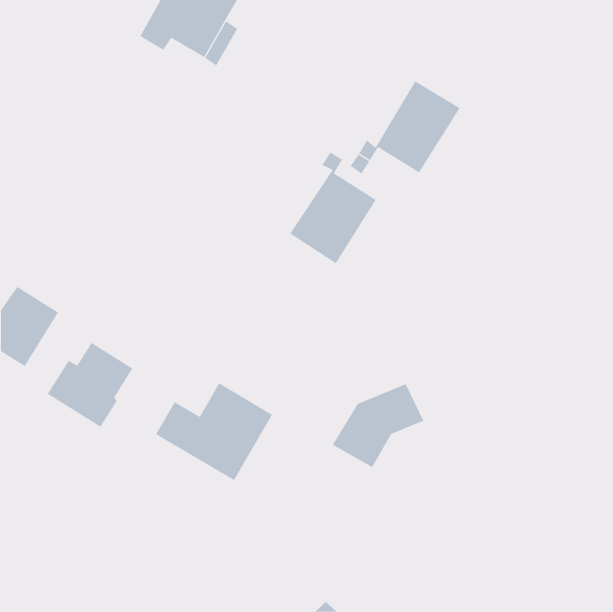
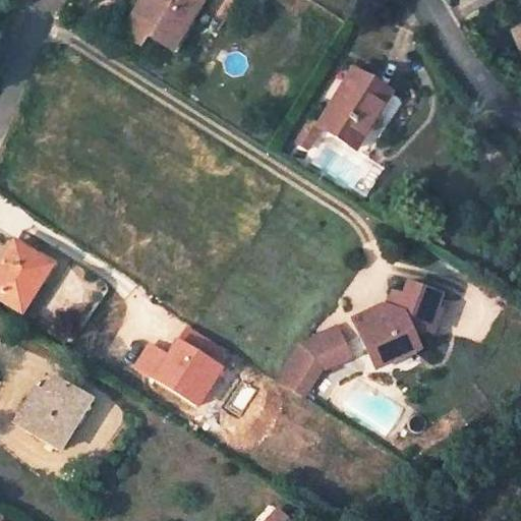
building: [290,152,376,264] -> none
building: none -> [353,281,442,367]
building: [47,342,133,427] -> [16,373,90,446]

